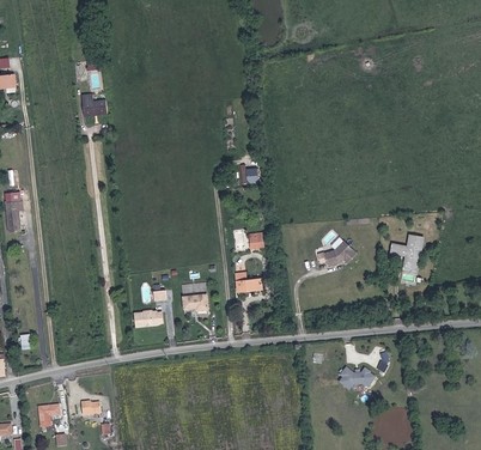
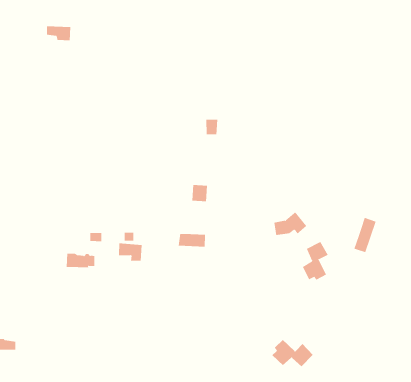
building: none -> [302,241,328,280]

